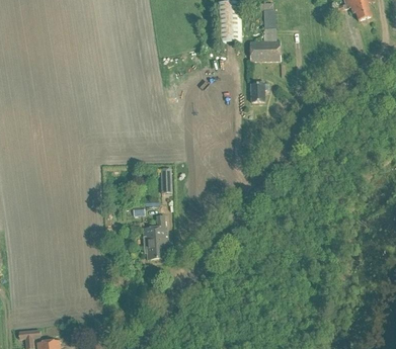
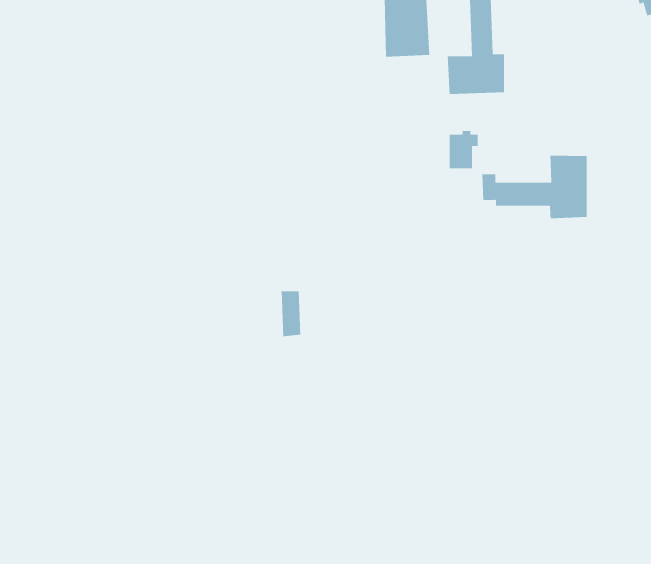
building: none -> [482,155,588,219]
building: [144,216,168,259] -> none

